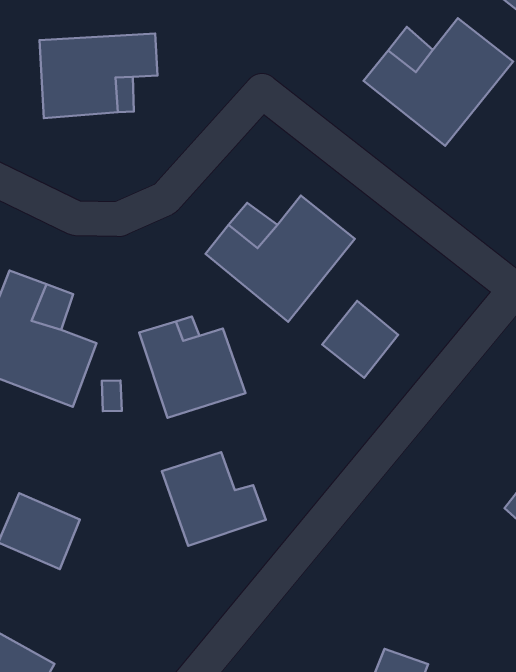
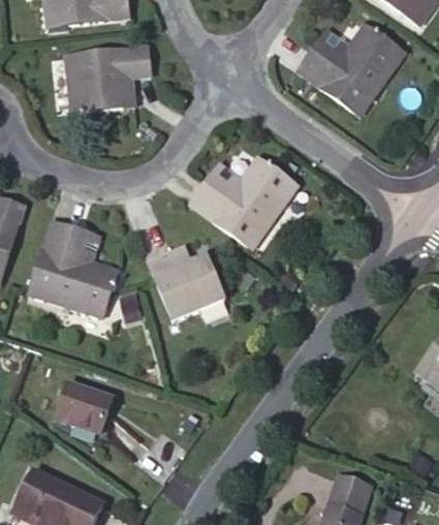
building: [322,301,398,378] -> none
building: [162,452,266,546] -> none

